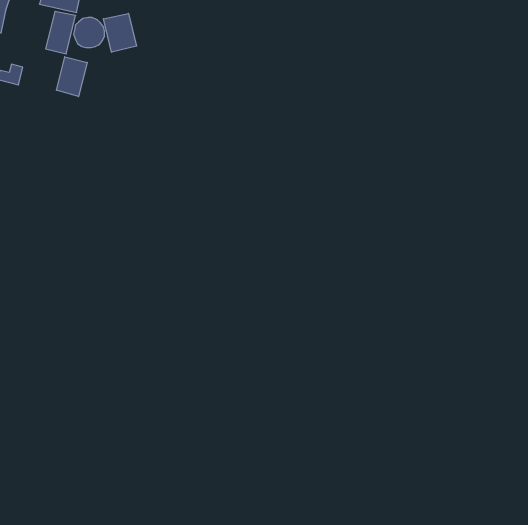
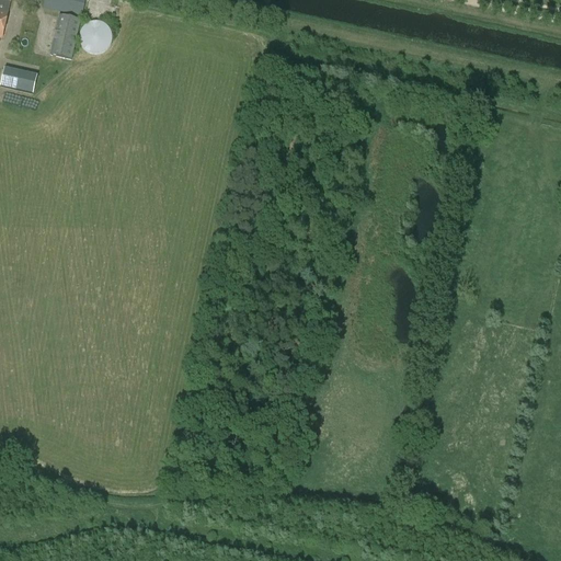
building: [103,13,137,52] -> none
building: [56,57,87,97] -> none

